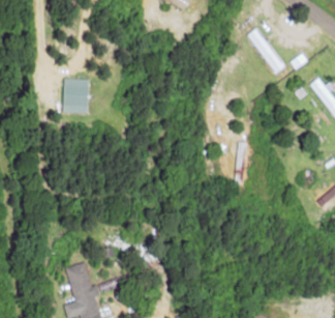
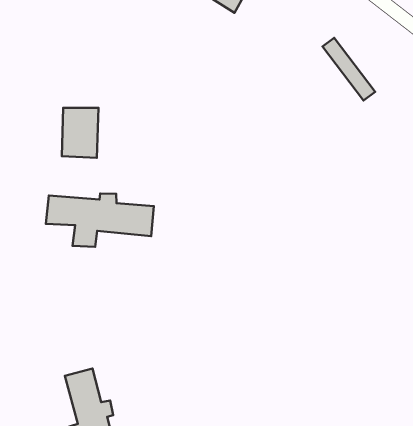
building: none -> [46,193,154,247]

